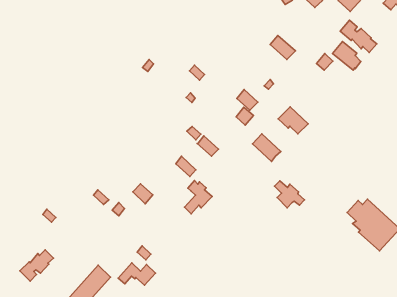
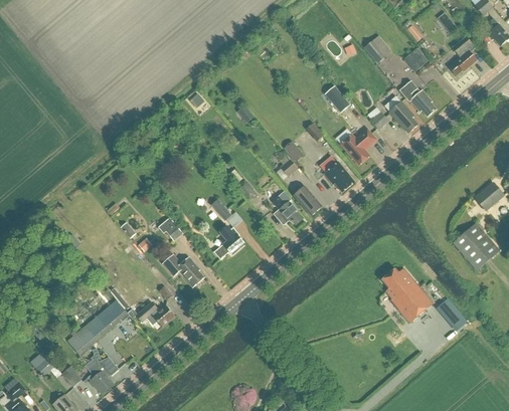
building: none -> [339,127,377,166]
building: [275,181,305,208] -> [272,196,301,225]
building: none -> [162,254,203,287]
building: [20,250,54,281] -> none

